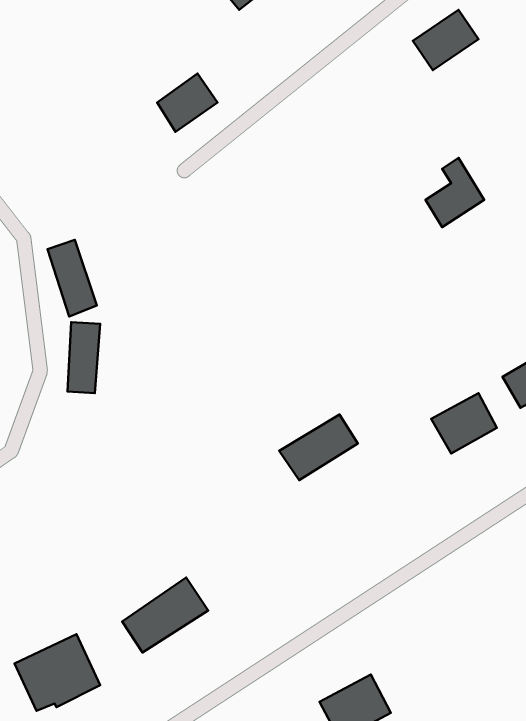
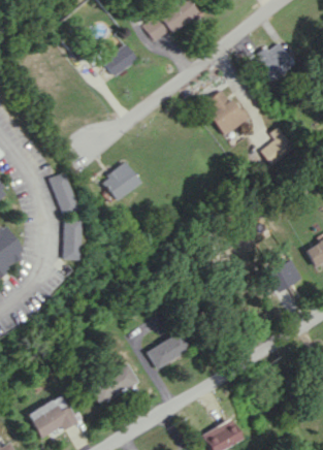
building: [157,73,218,132] -> [103,43,137,76]
building: none -> [207,88,247,135]
building: none -> [102,161,140,200]
building: [279,414,358,480] -> [147,331,191,368]

